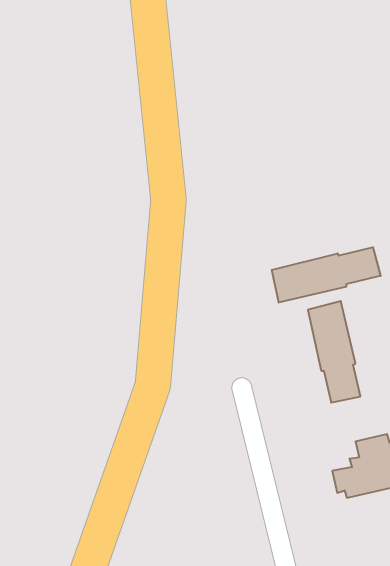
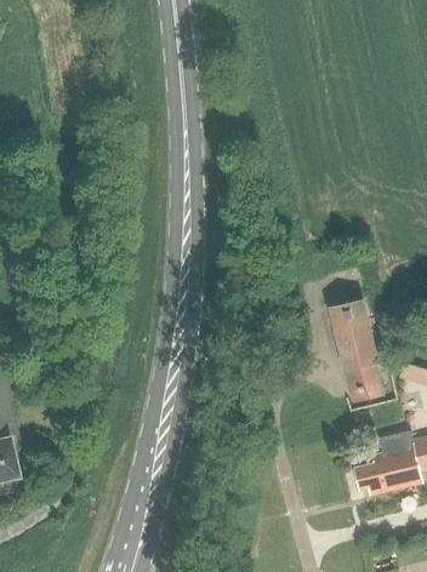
building: [272,247,381,303] -> none

